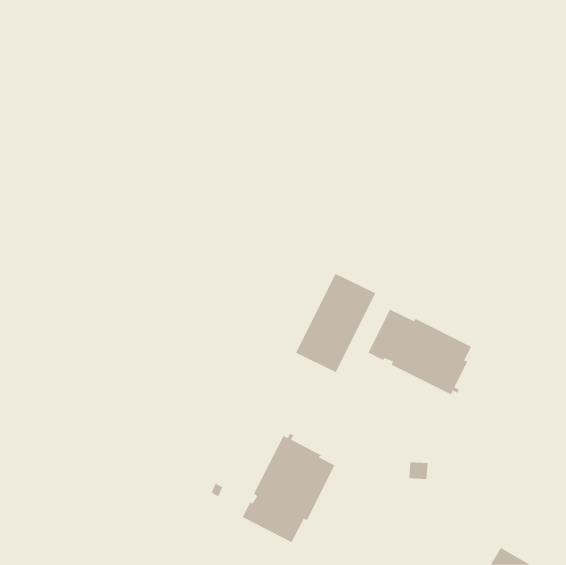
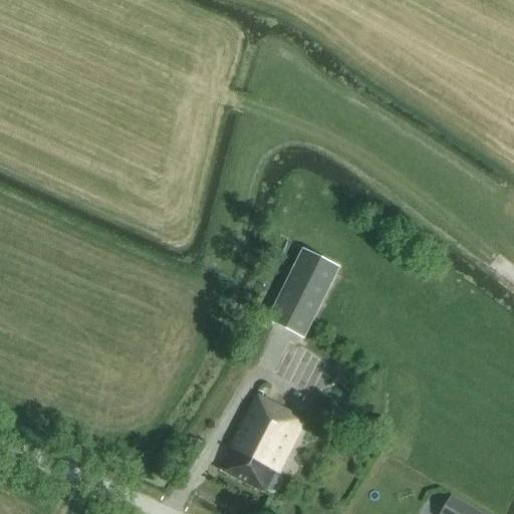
building: [368,309,472,395] -> none

